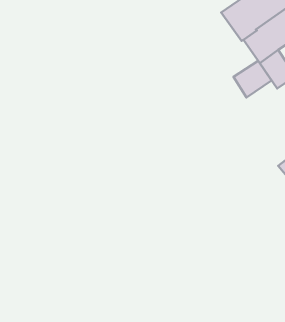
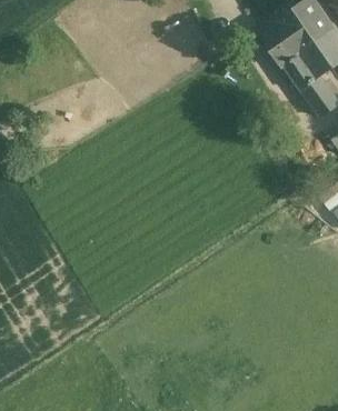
building: [234,61,271,97] -> none

